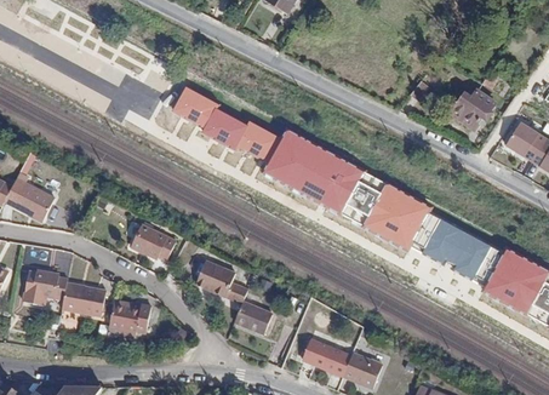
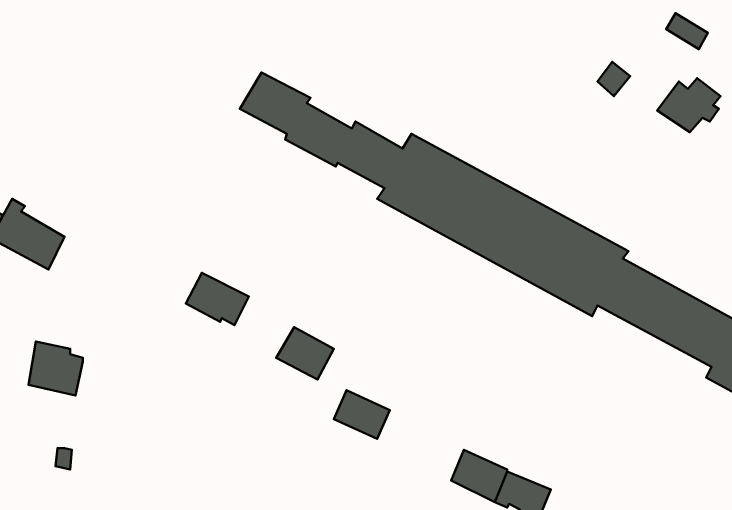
building: [59,281,105,317] -> none
building: [108,299,159,332] -> none

